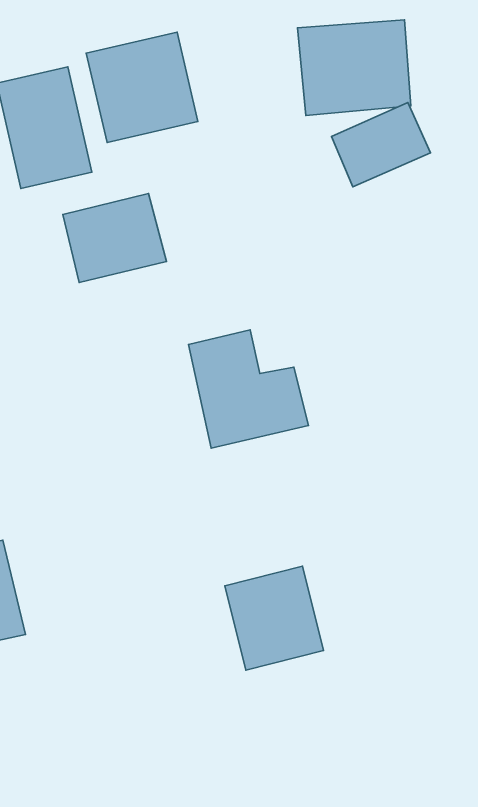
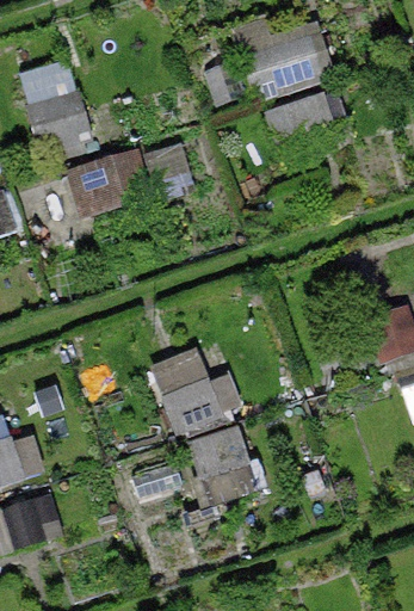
building: [86,32,198,142] -> none
building: [189,330,308,448] -> [153,348,241,436]

